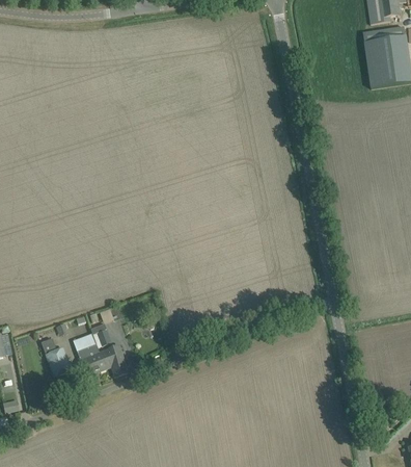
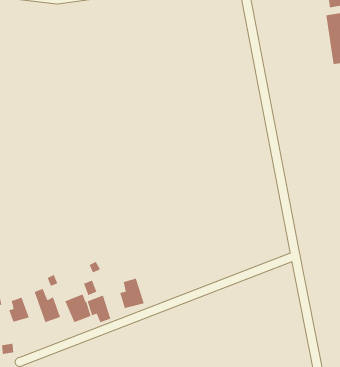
building: none -> [119,278,145,309]
building: none -> [9,297,30,323]

